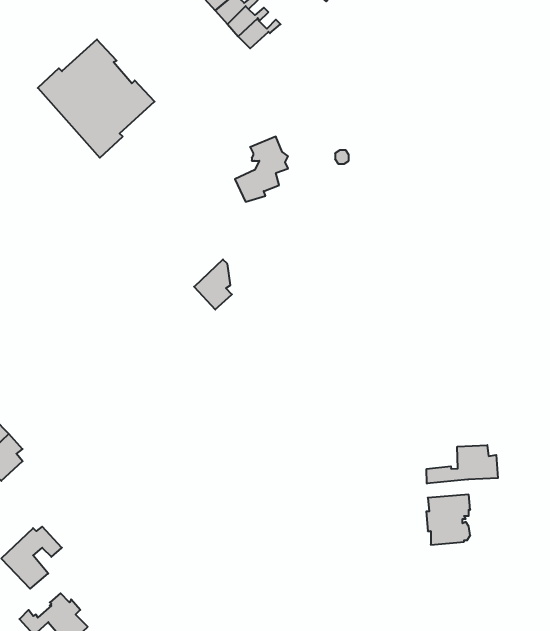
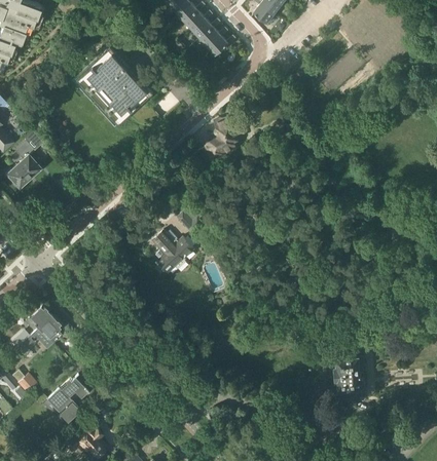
building: none -> [151,231,193,273]
building: [427,445,498,484] -> none

